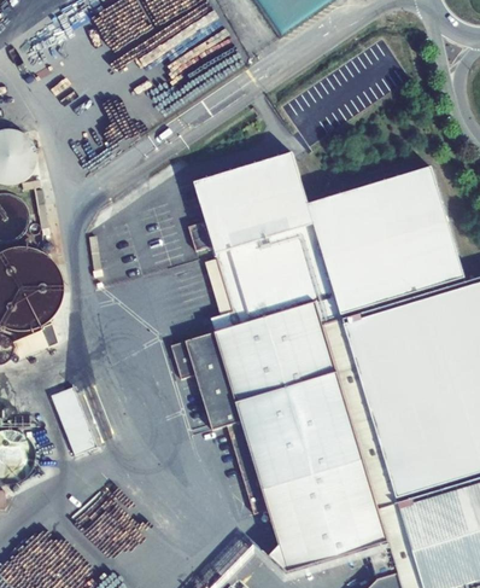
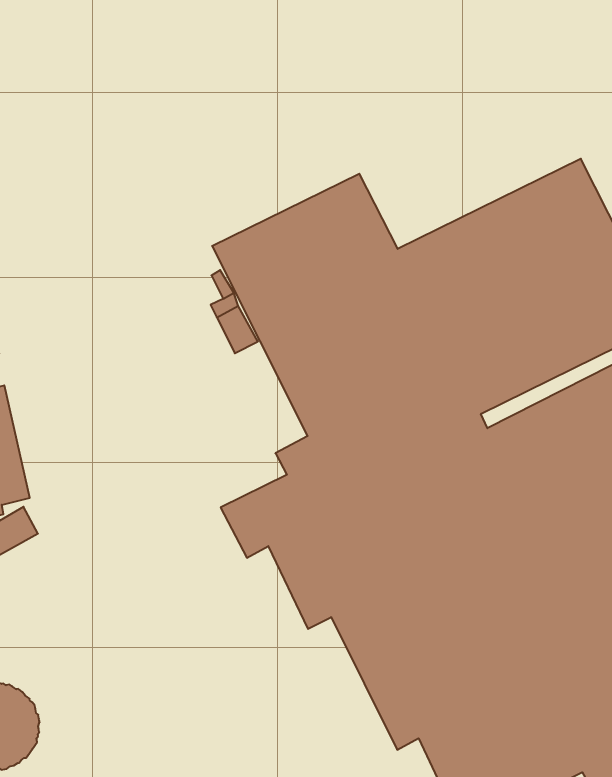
building: [52,385,98,454] -> none

